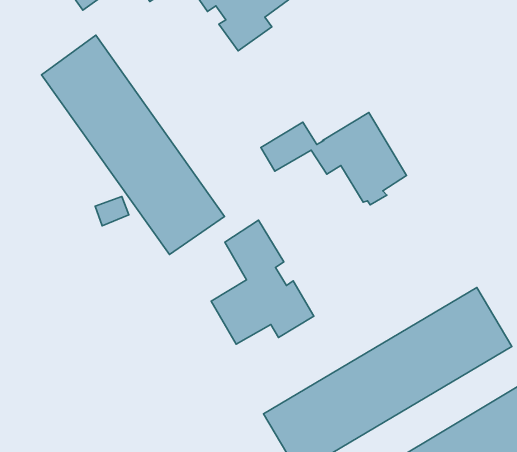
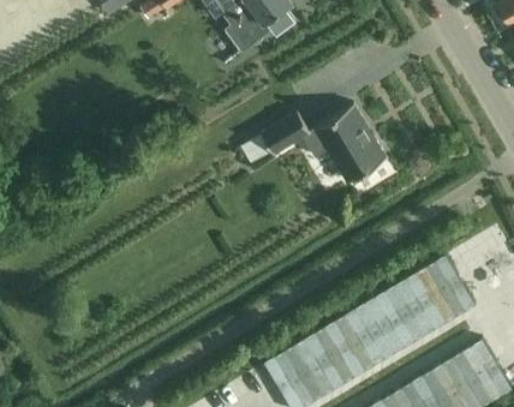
building: [42,35,224,255] -> none
building: [211,220,314,344] -> none

